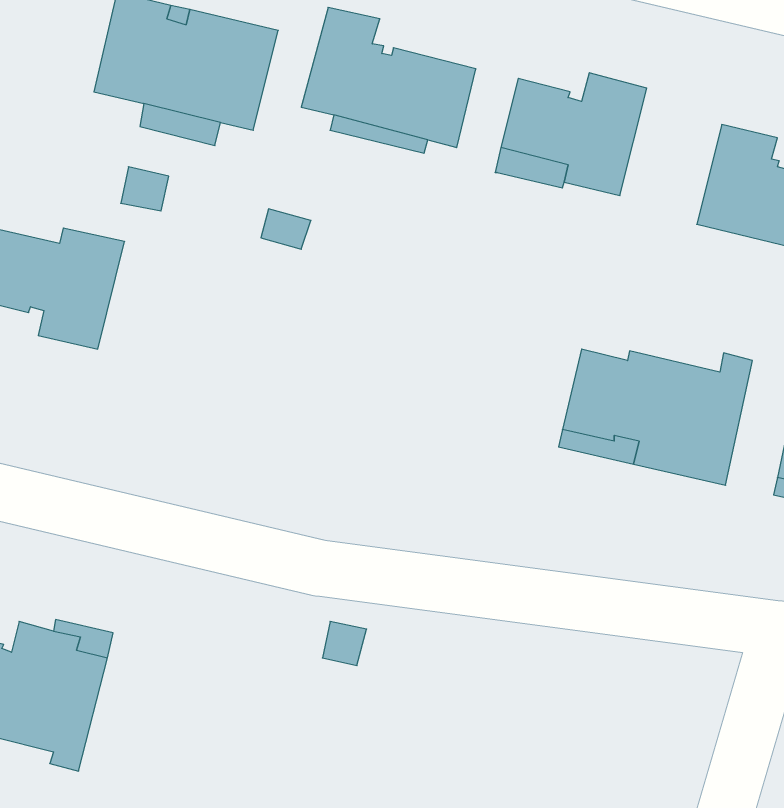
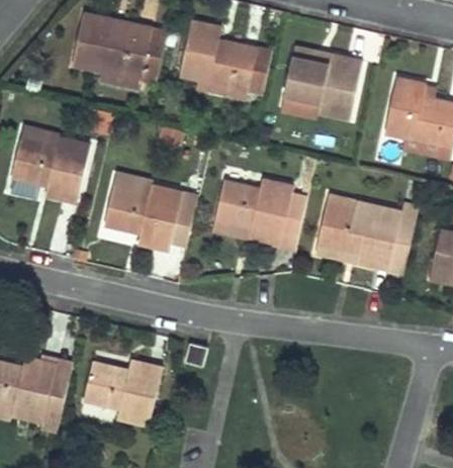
building: none -> [208,178,303,247]
building: none -> [103,183,195,249]
building: none -> [87,362,166,428]

